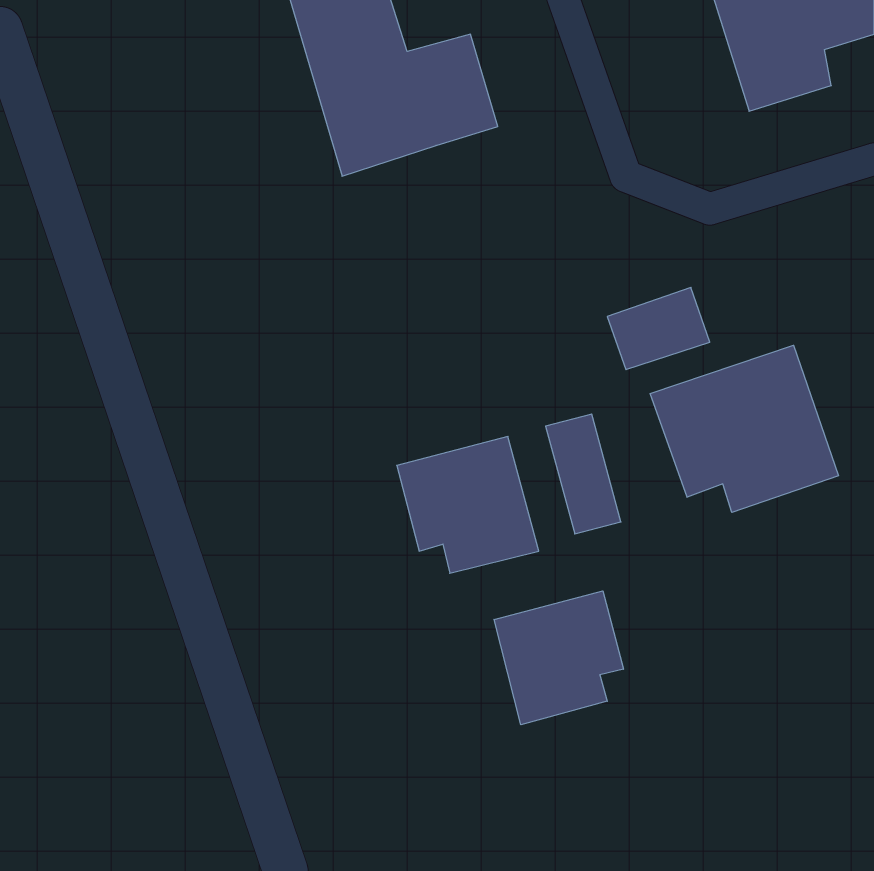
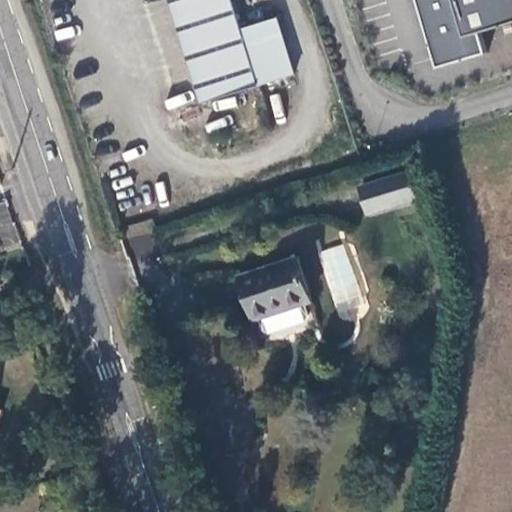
building: [650,345,838,512] -> none
building: [494,591,623,725] -> none

